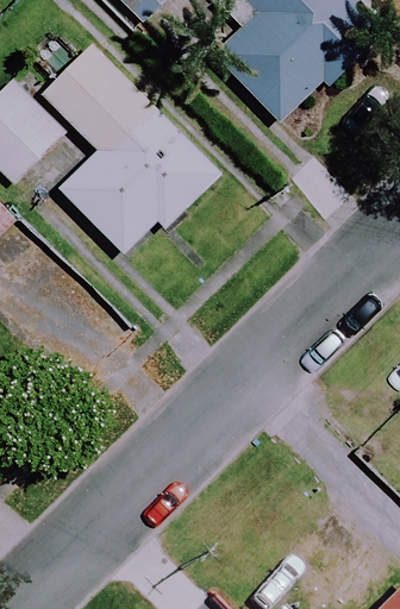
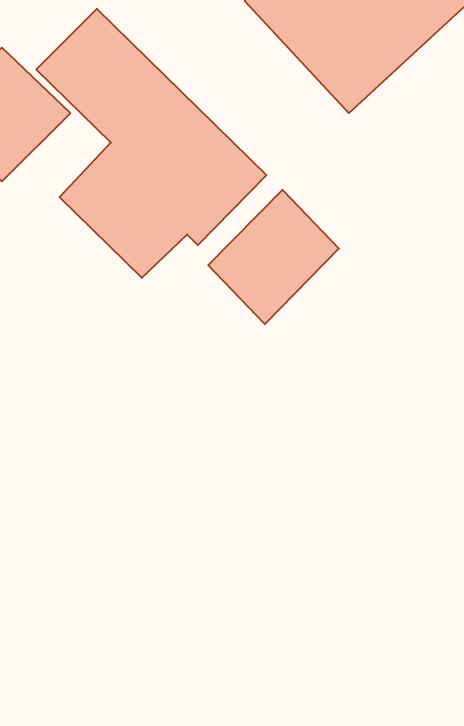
building: none -> [208,190,339,324]

